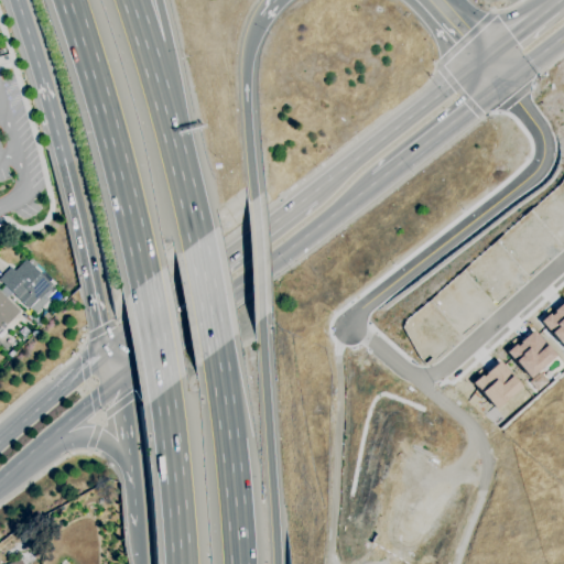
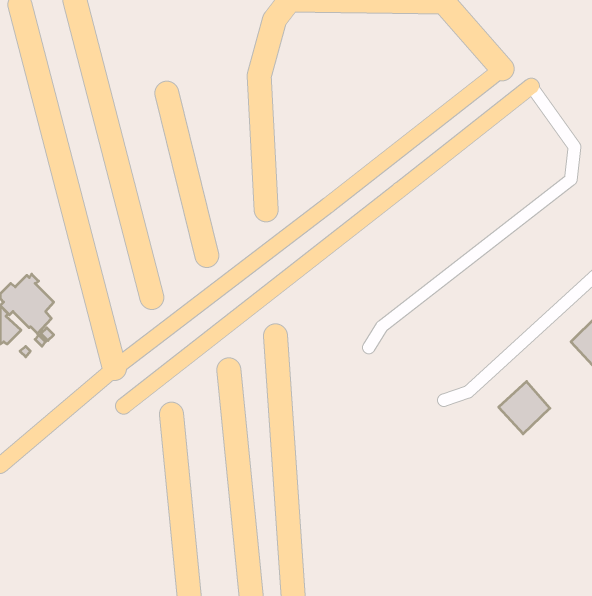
building: [509,330,557,379] -> none

